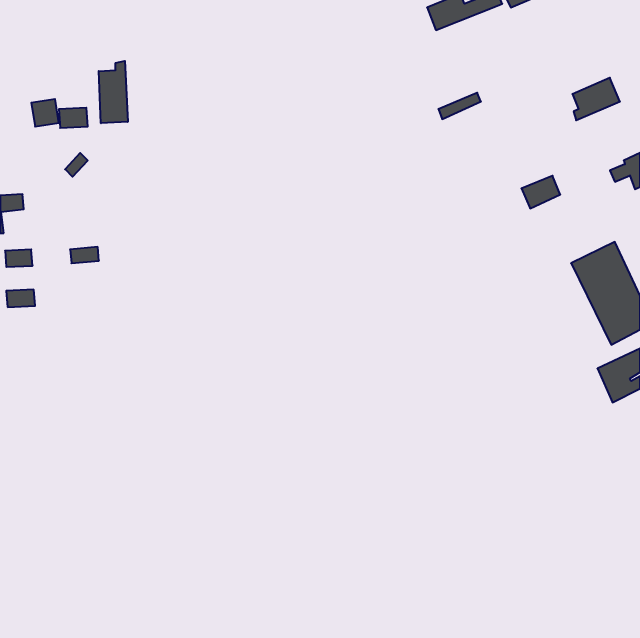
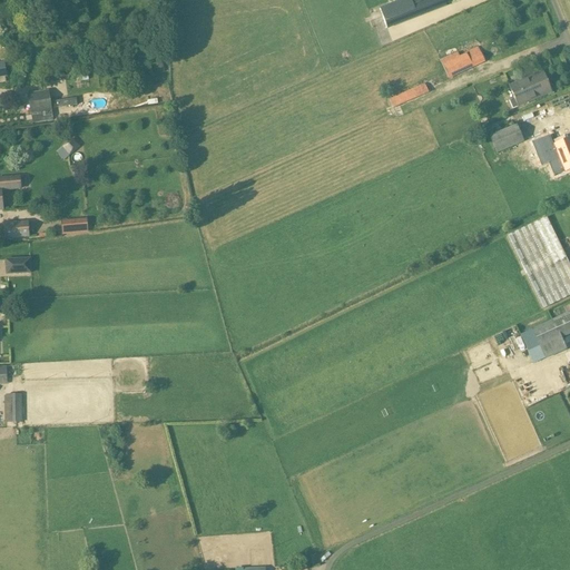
building: none -> [440,45,485,77]
building: [99,61,128,123] -> none
building: [521,176,560,208] -> [489,122,523,151]
building: none -> [6,394,22,422]

